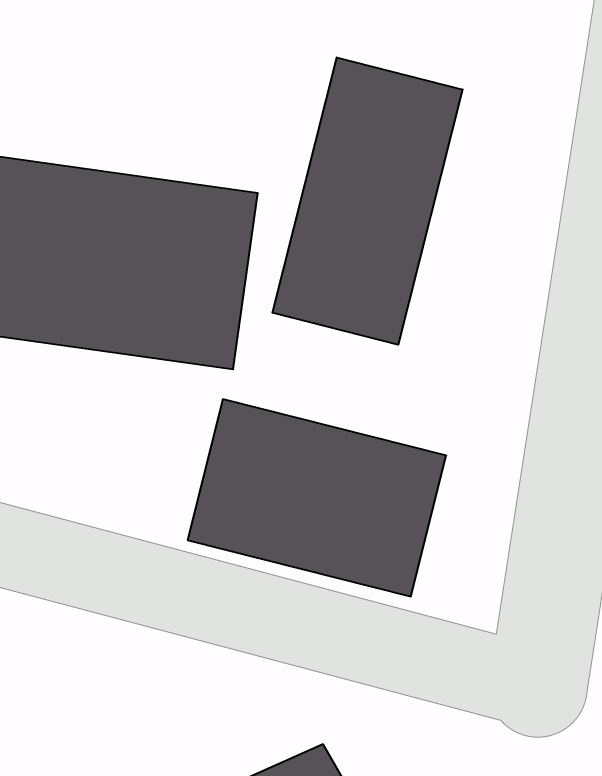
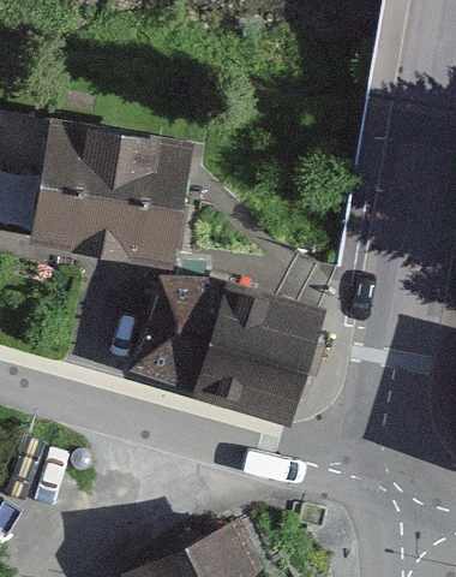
building: [272,57,463,345] -> none

